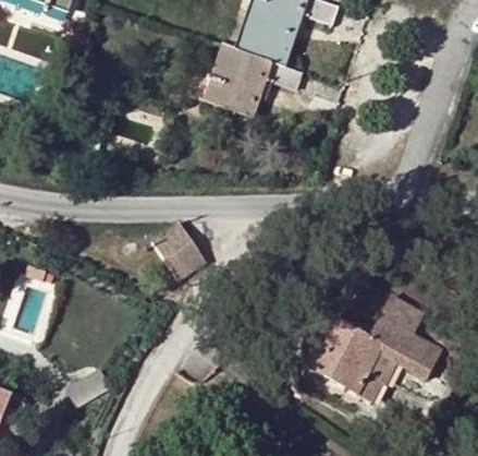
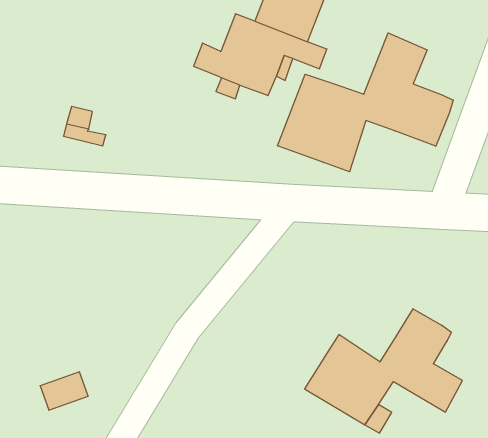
building: none -> [278,33,453,172]
building: [152,223,205,279] -> none

